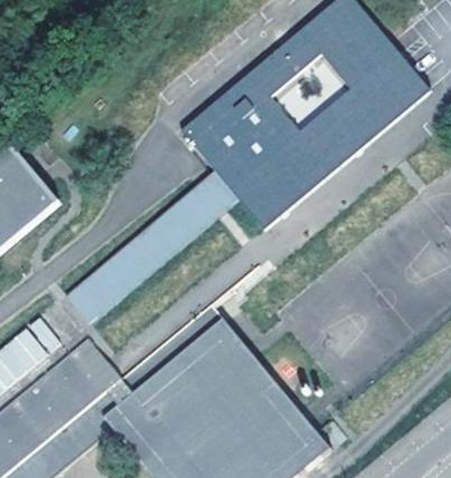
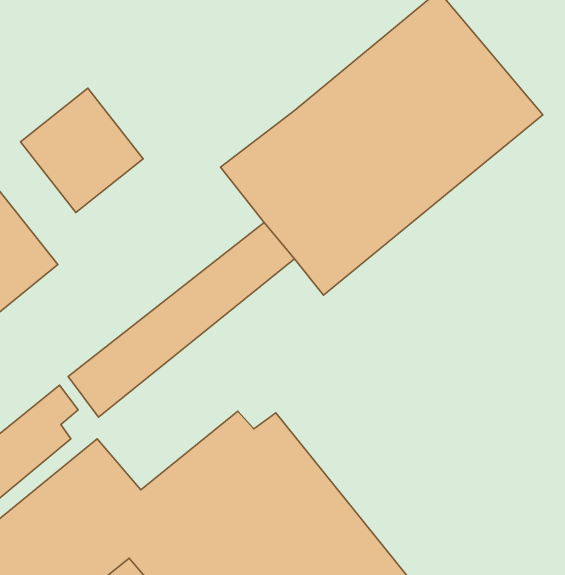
building: none -> [20,88,143,213]

